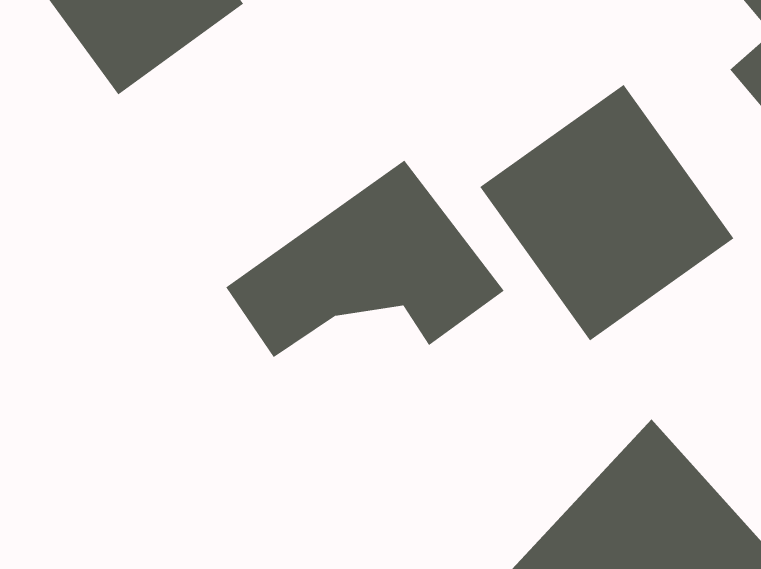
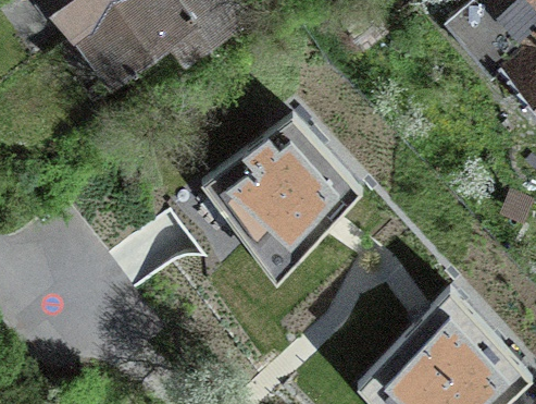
building: [479,84,735,342] -> none

